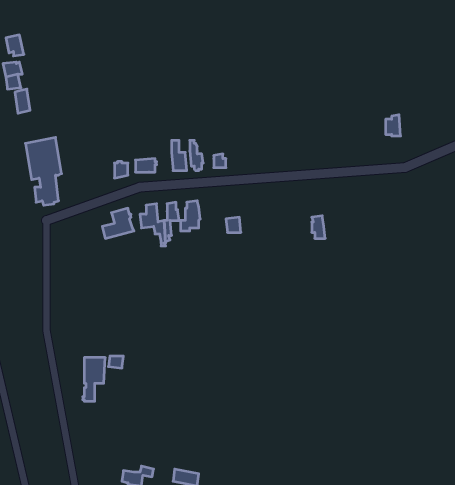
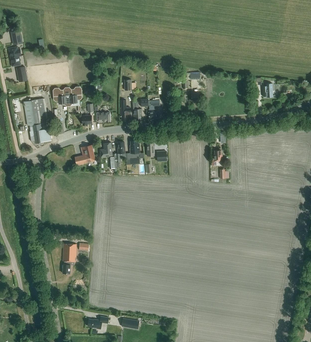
building: none -> [51,85,81,106]

